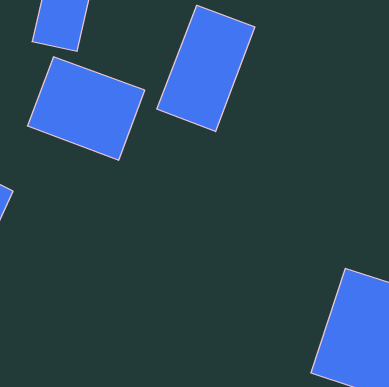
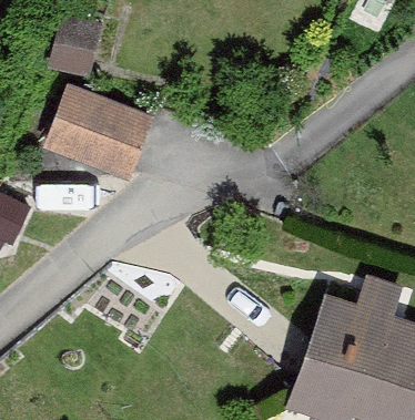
building: [157,5,255,132] -> none

